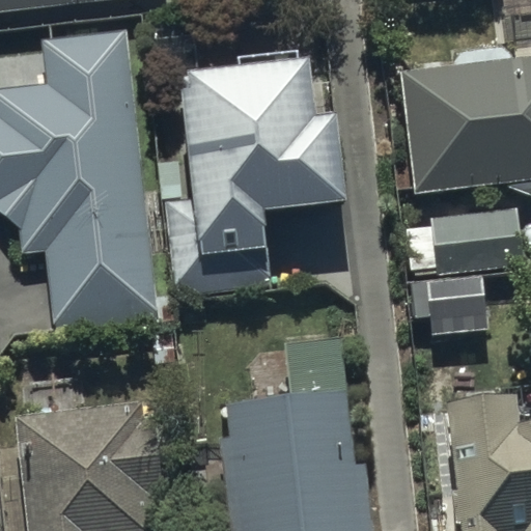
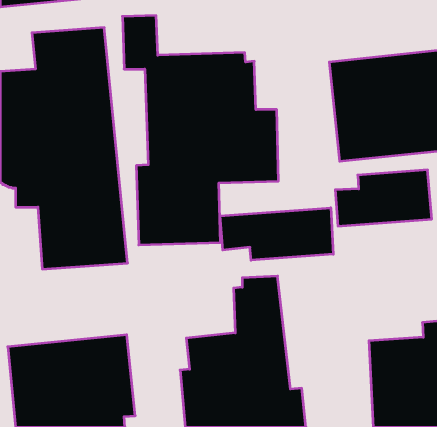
building: none -> [220,208,333,260]

